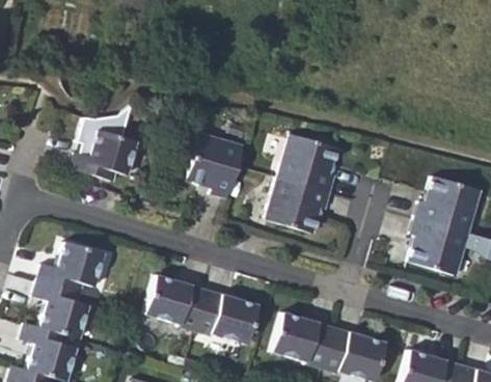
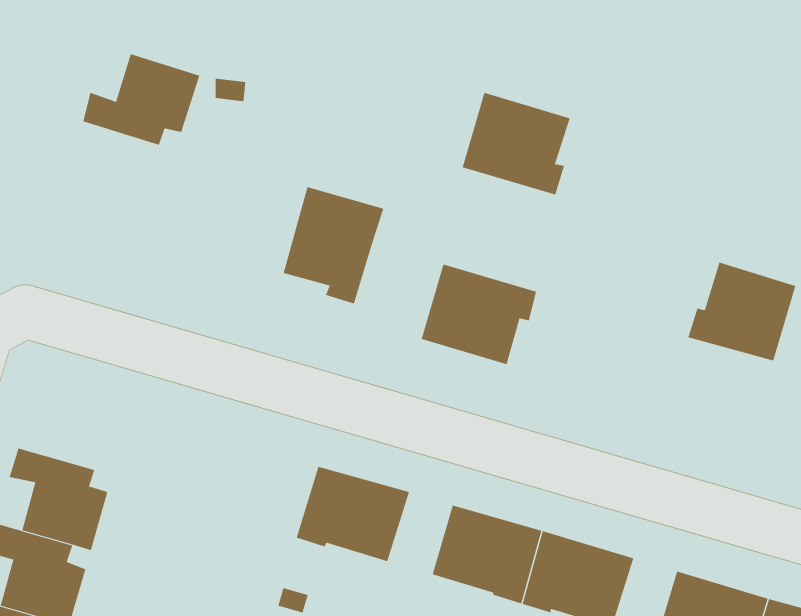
building: [72,129,138,181] -> [82,53,200,145]
building: [278,133,339,191] -> [462,92,570,195]
building: [409,217,465,273] -> none
building: [38,241,105,292] -> none
building: [145,273,208,330] -> none

